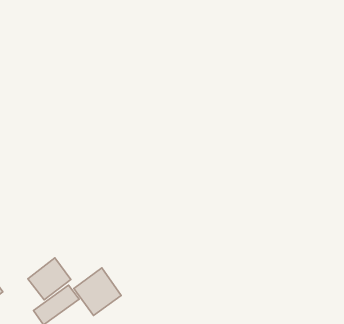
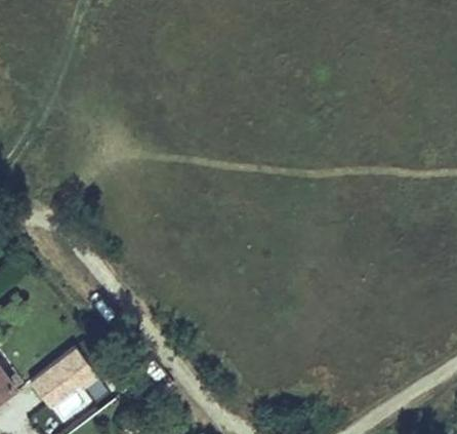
building: [74,268,121,315] -> none

